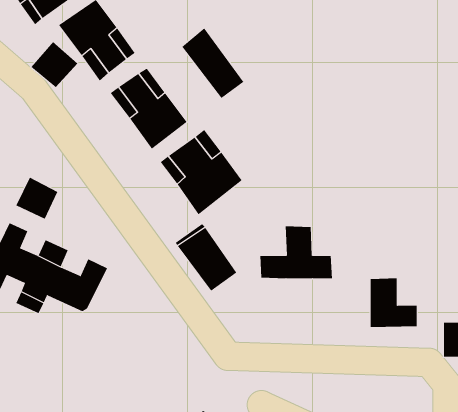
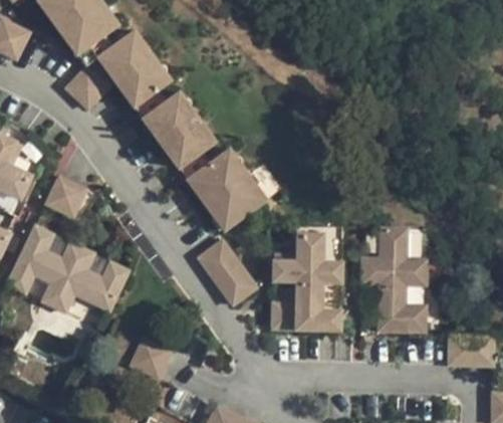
building: [181,27,244,99] -> none
building: none -> [362,228,427,286]
building: none -> [278,286,346,334]
building: none -> [129,340,169,381]

